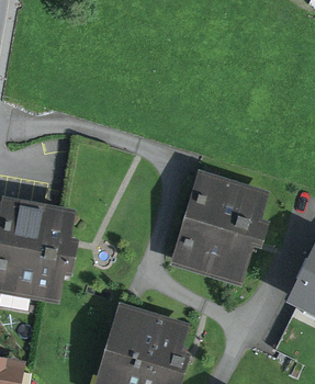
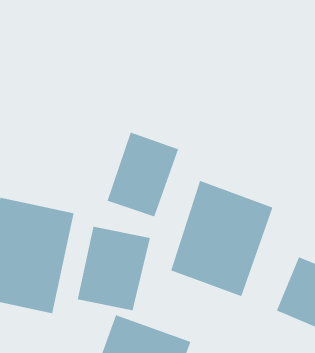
building: none -> [107,132,179,218]
building: none -> [77,226,151,311]

